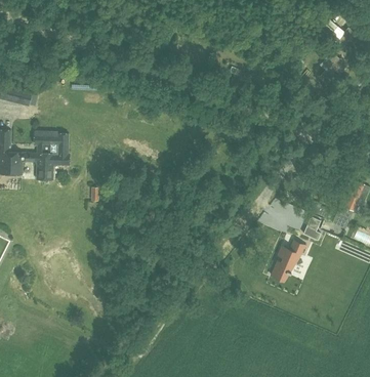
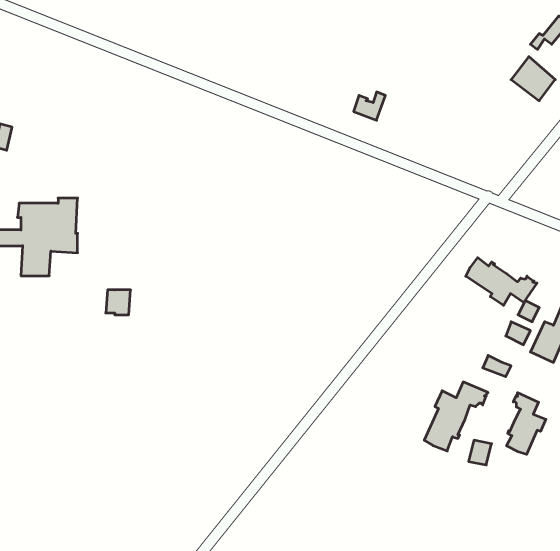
building: none -> [466,258,537,305]
building: none -> [507,393,546,454]

